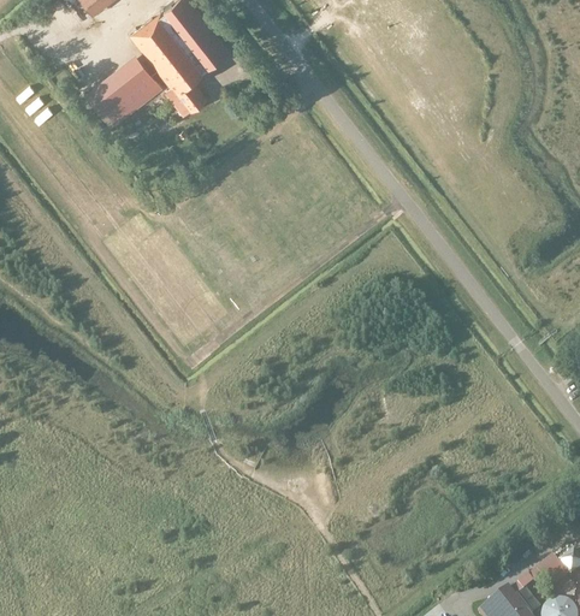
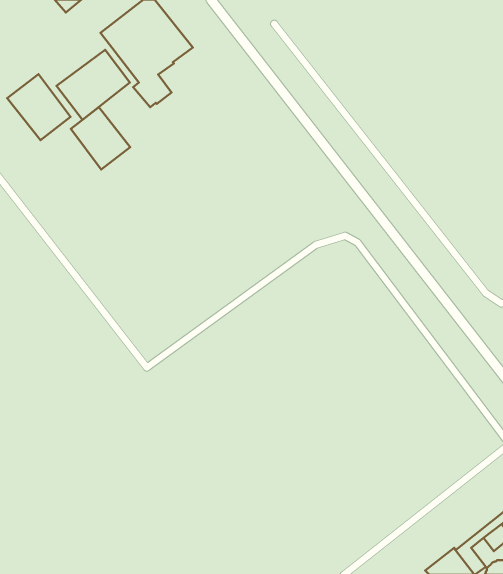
building: none -> [7,74,70,140]
building: none -> [71,107,130,169]

